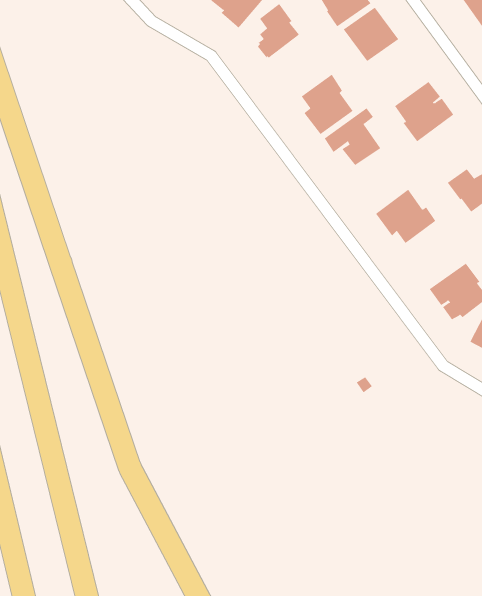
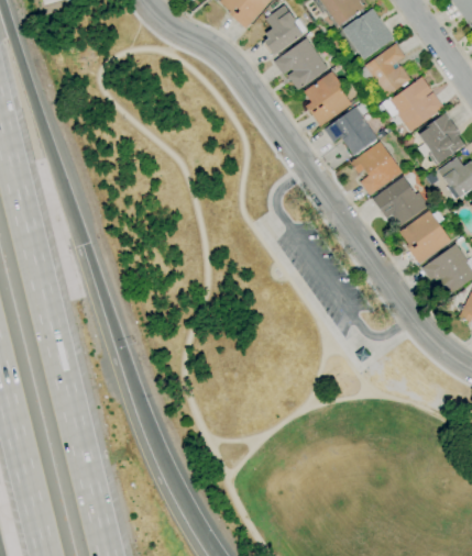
building: none -> [274,38,329,91]
building: none -> [364,43,410,97]
building: none -> [418,112,464,166]
building: none -> [350,141,403,196]
building: none -> [399,210,451,264]

